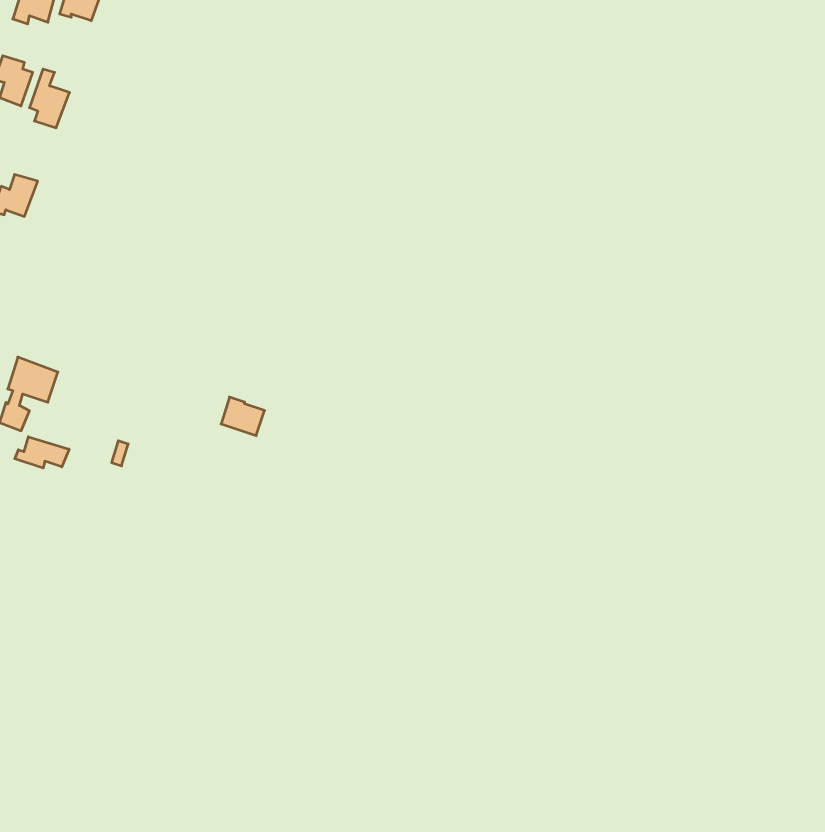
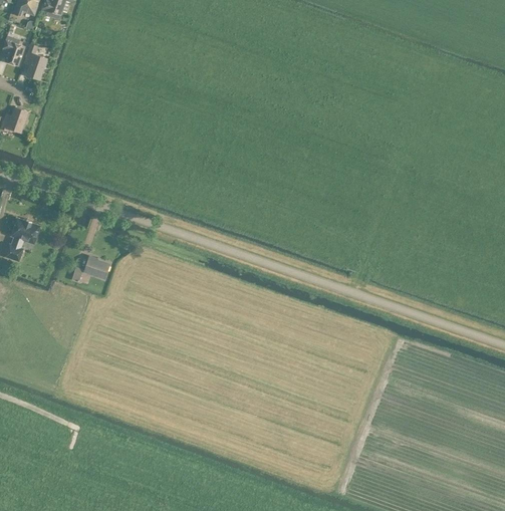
building: [221,397,265,436] -> [82,256,108,279]
building: [15,437,69,468] -> none

